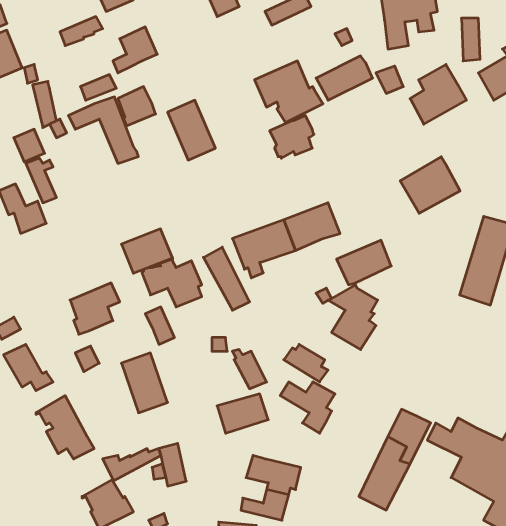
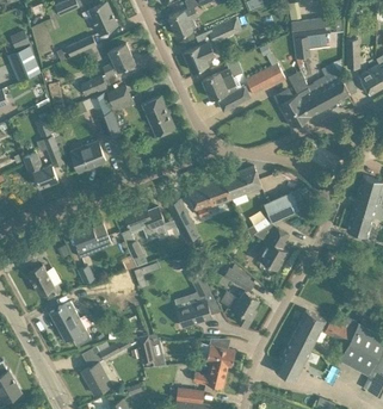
building: [270,116,314,158] -> [183,42,214,72]
building: [400,157,460,213] -> [278,87,320,126]
building: [121,229,173,273] -> [69,141,105,172]

